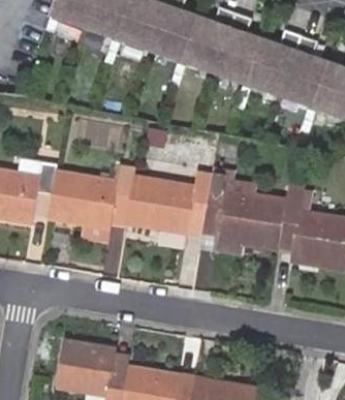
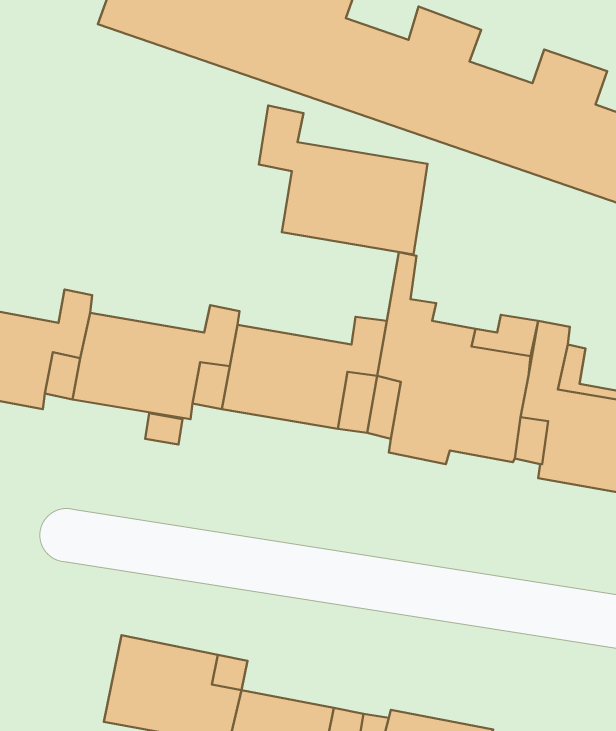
building: none -> [259,106,427,255]

